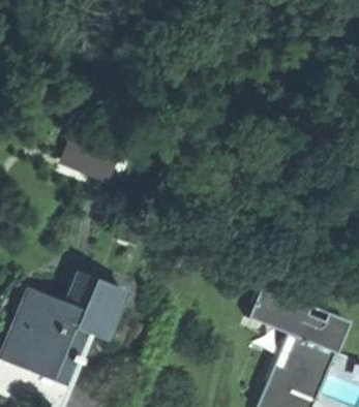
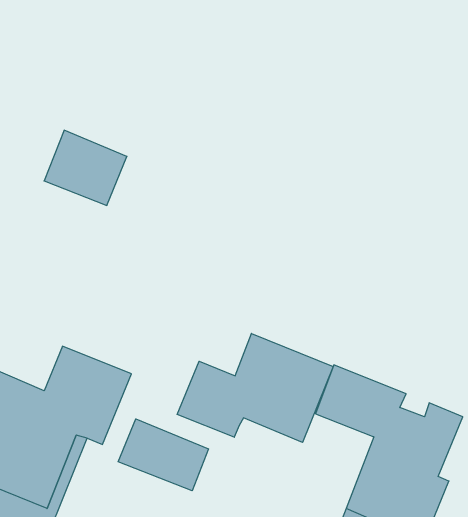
building: none -> [177,333,333,442]
building: none -> [118,419,209,491]

